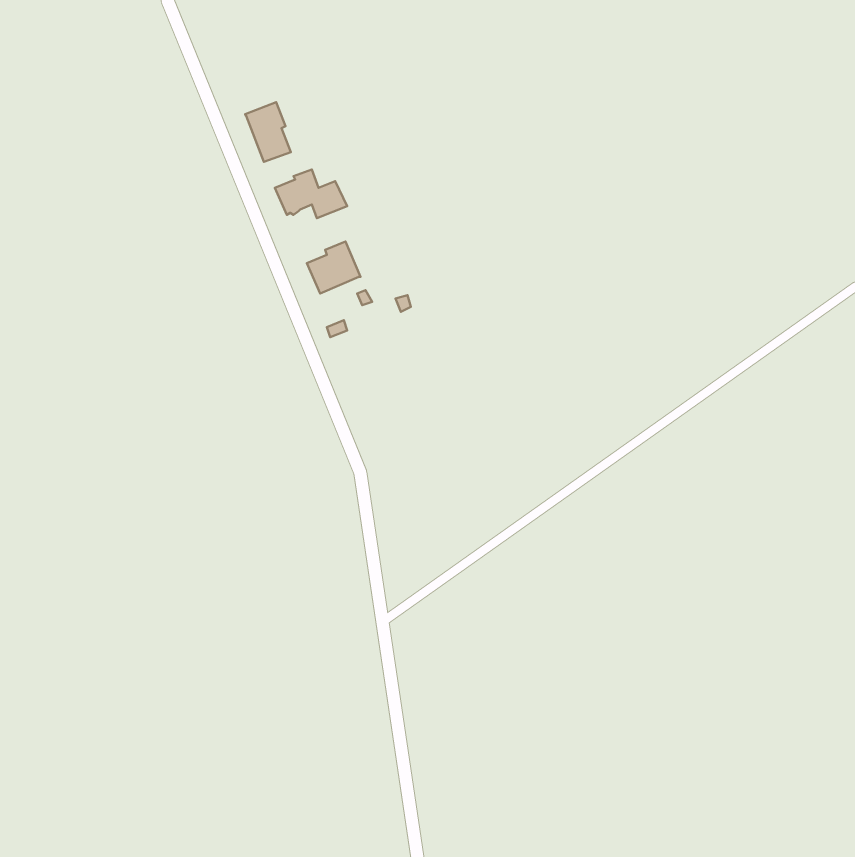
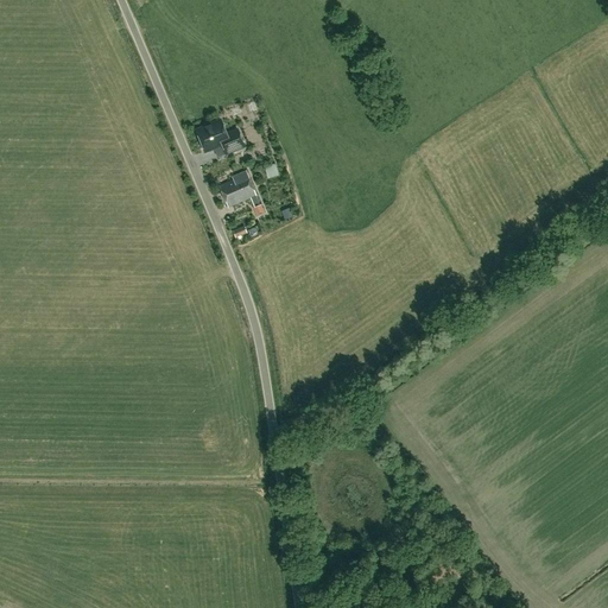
building: [245,102,291,162] -> none

